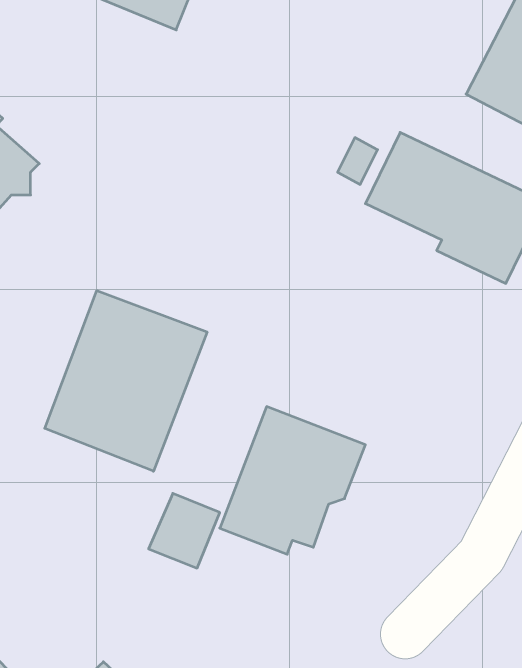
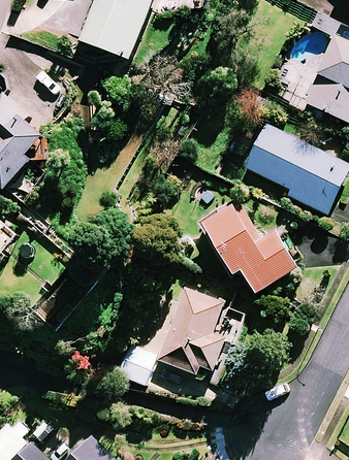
building: none -> [197,196,298,293]
building: [45,291,207,471] -> none

